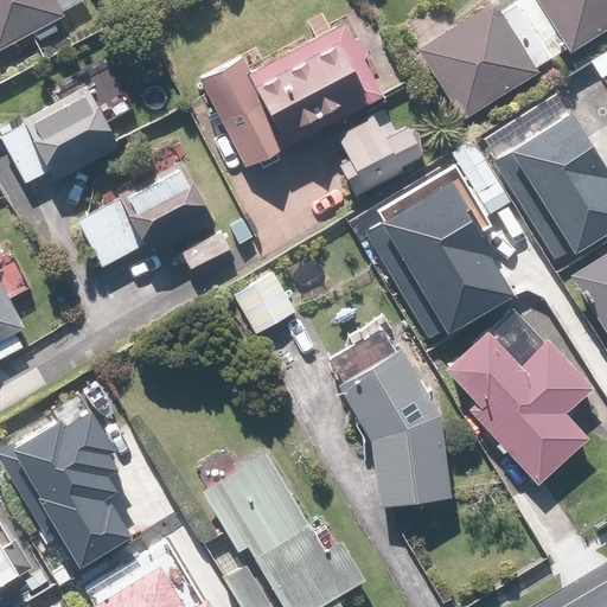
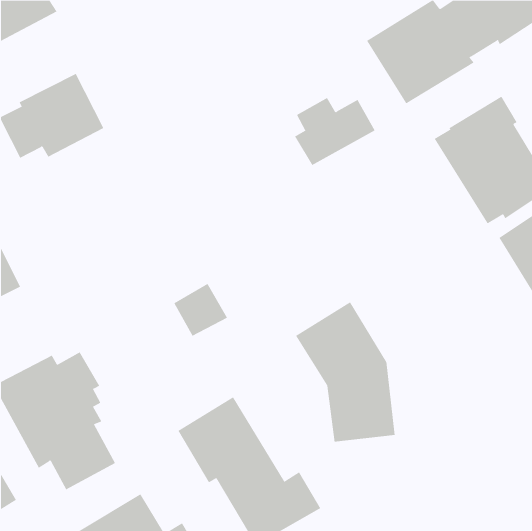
building: [198,25,383,168] -> none
building: [78,158,216,269] -> none
building: [368,175,512,332] -> none
building: [235,273,296,333] -> [173,283,228,336]
building: [445,328,593,484] -> none

